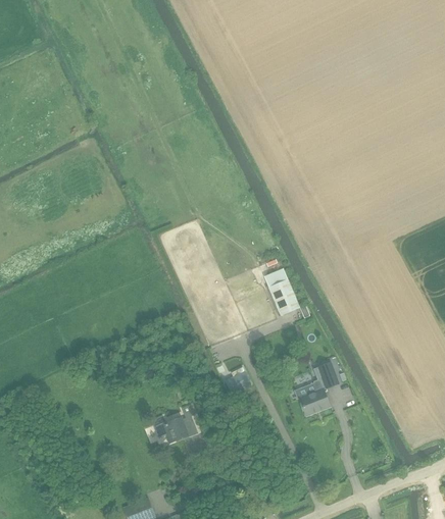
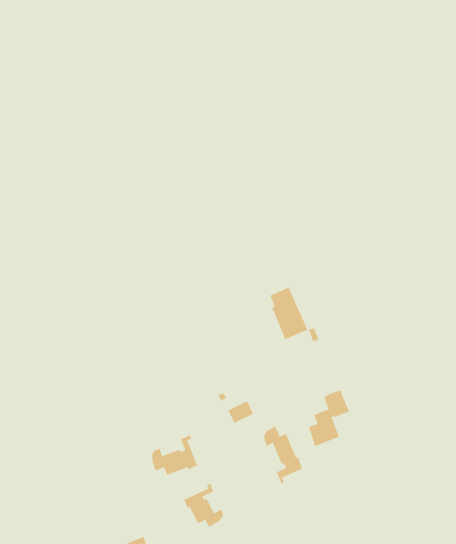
building: none -> [264,425,303,484]
building: none -> [184,483,223,528]

